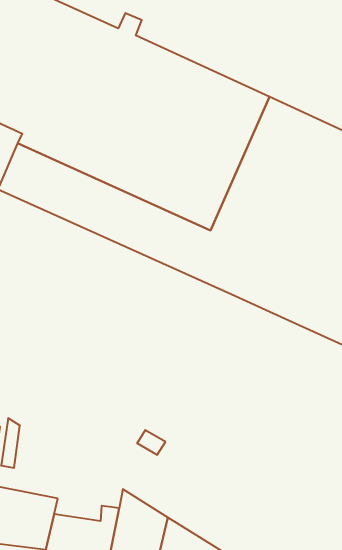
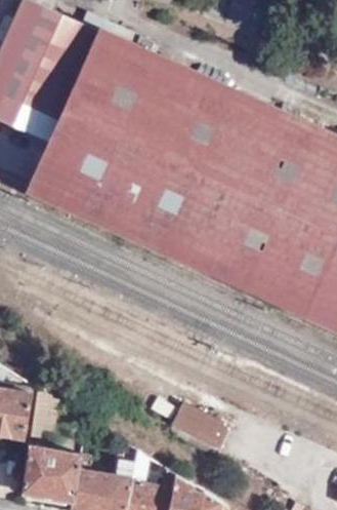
building: none -> [168,401,228,452]

